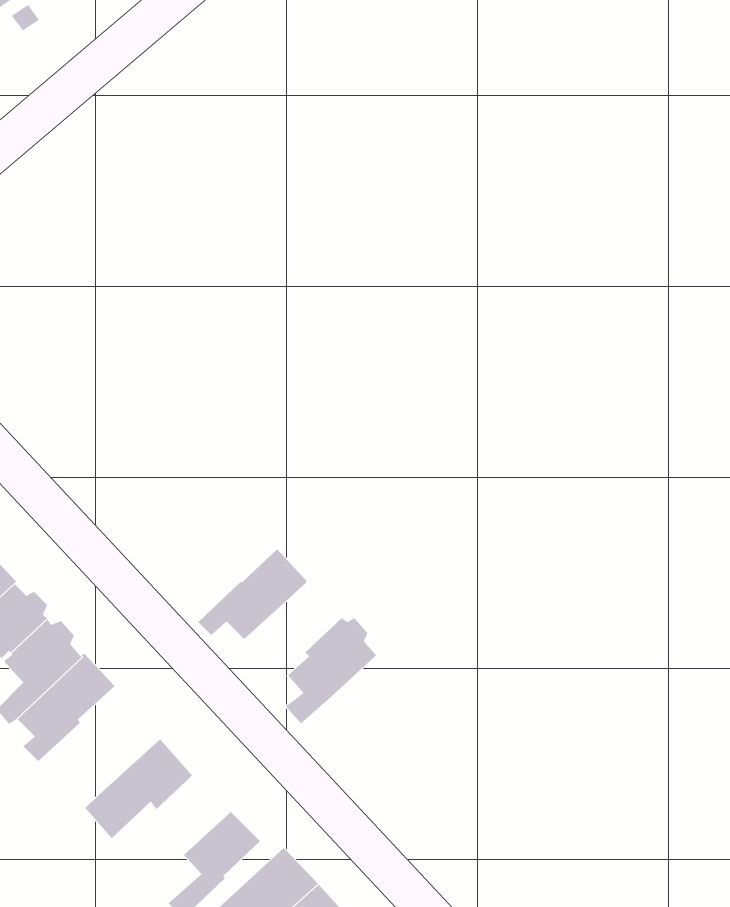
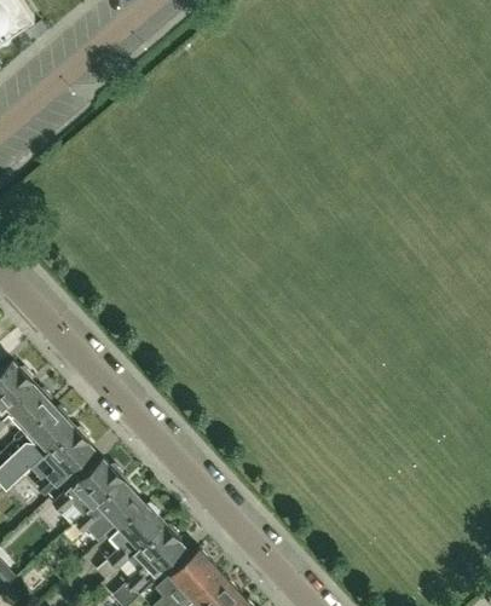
building: [198,549,308,640] -> [53,460,122,516]
building: [285,618,378,724] -> [106,504,164,571]

